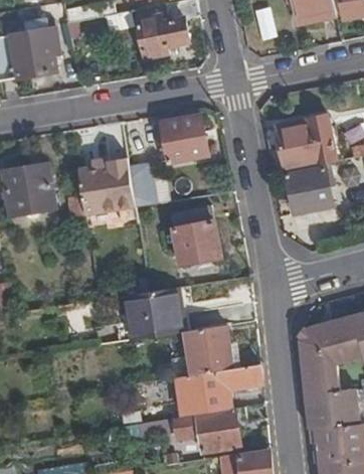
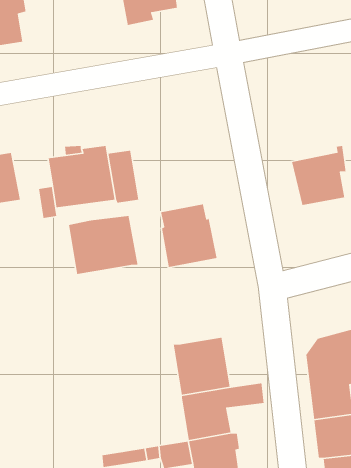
building: [276,114,328,166] -> none
building: [153,116,207,163] -> none
building: [130,288,190,339] -> [68,215,138,275]

